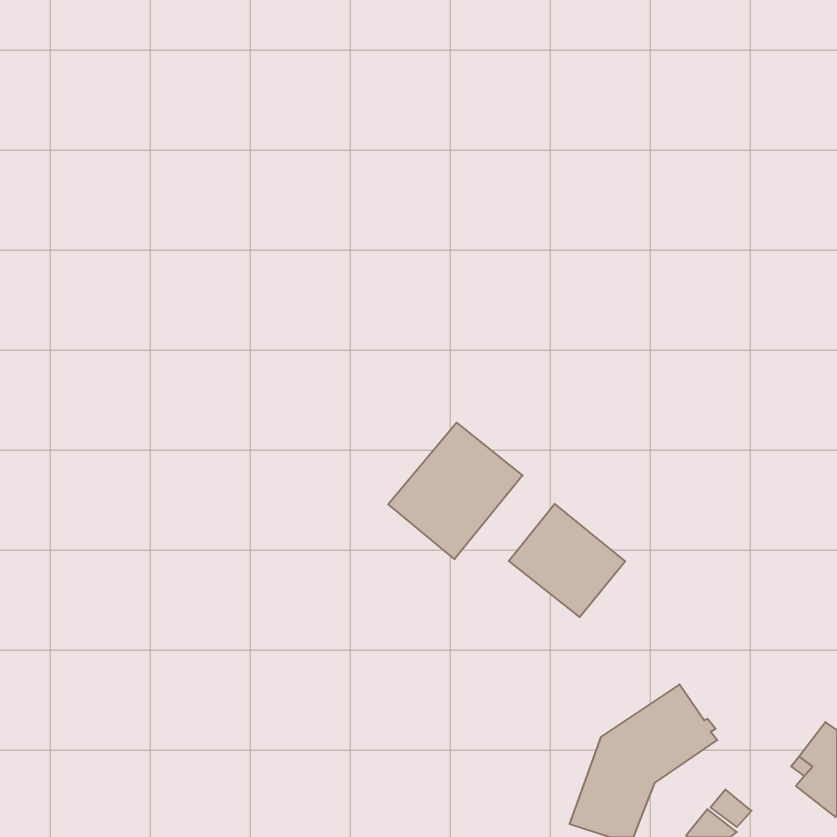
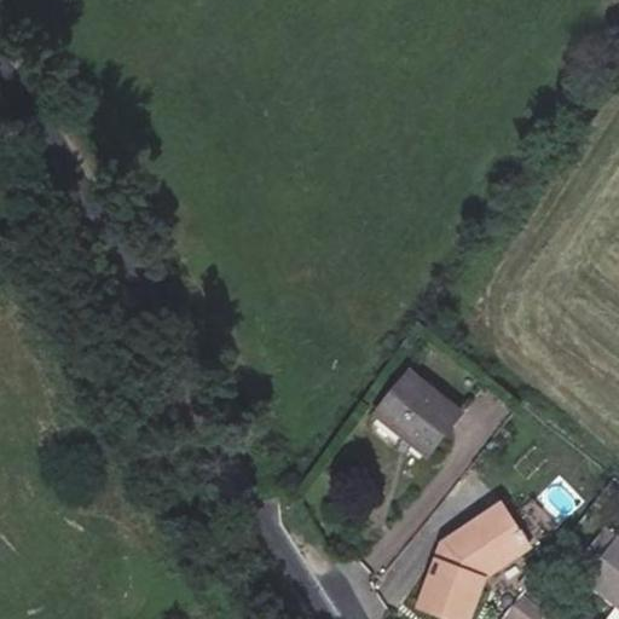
building: [388,423,523,559] -> none

